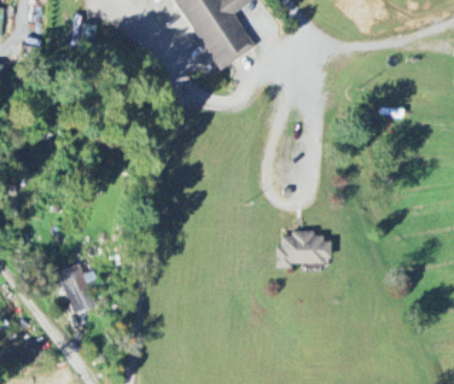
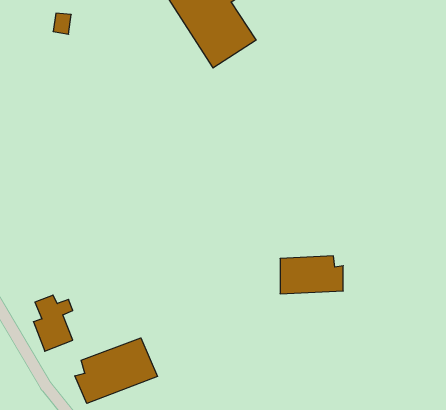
building: none -> [75,338,158,403]

